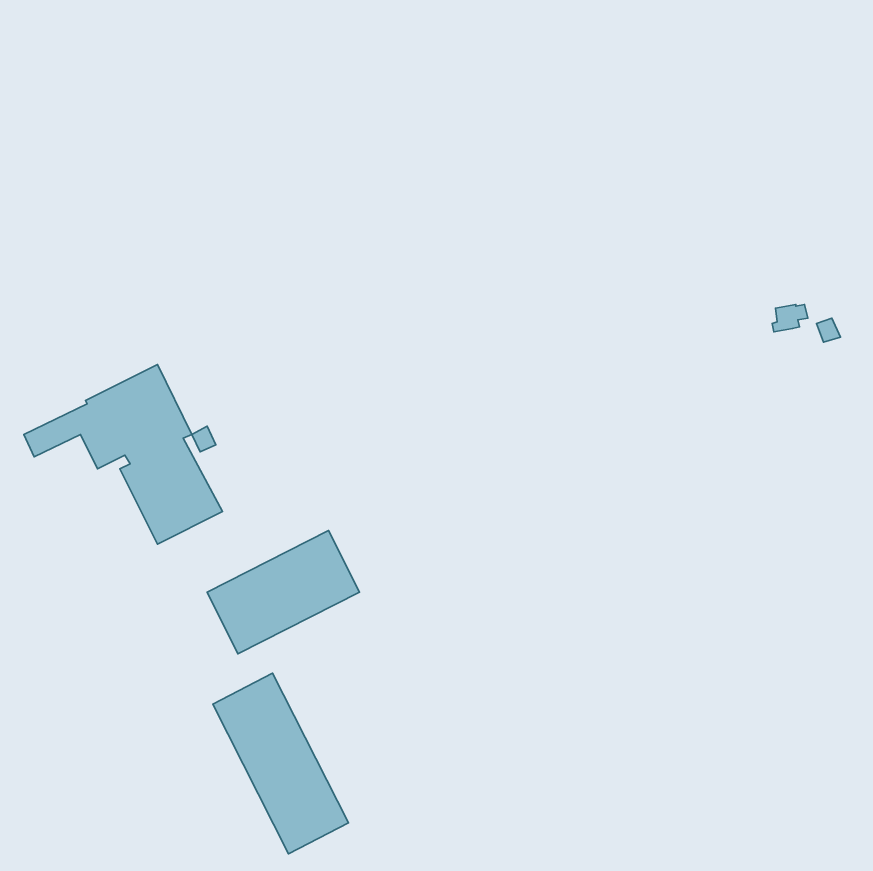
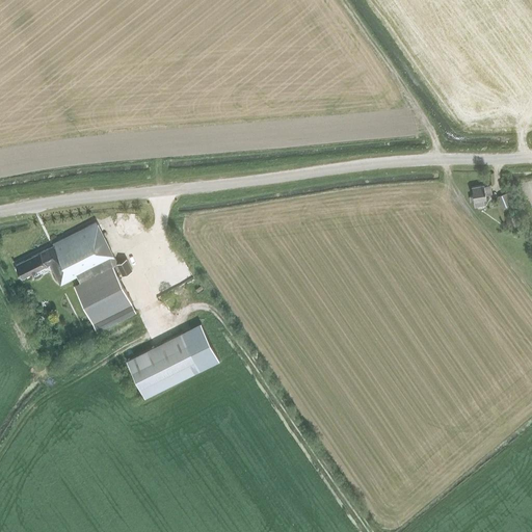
building: [213,673,349,854] -> none

